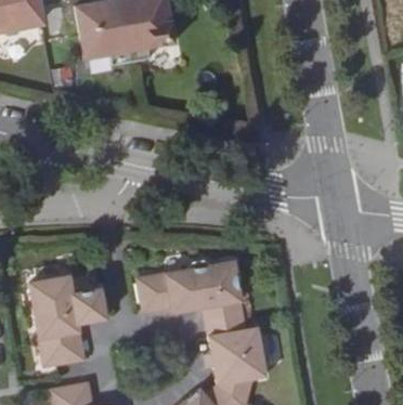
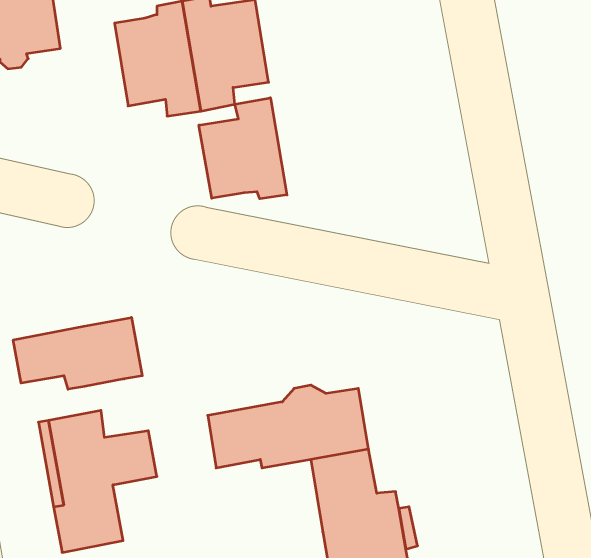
building: none -> [199,98,287,199]
building: none -> [13,317,142,389]

